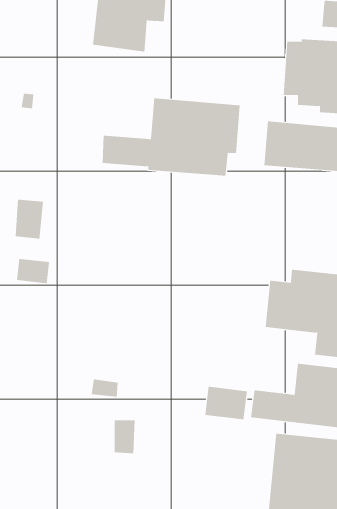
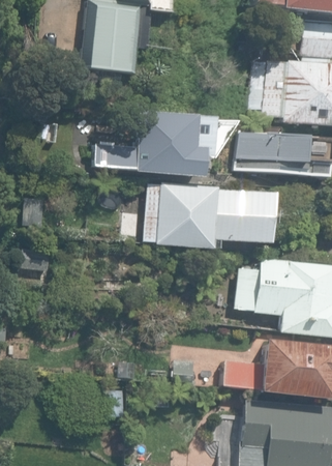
building: none -> [144,180,272,247]

